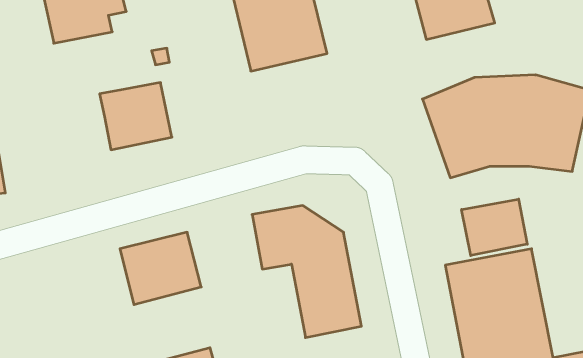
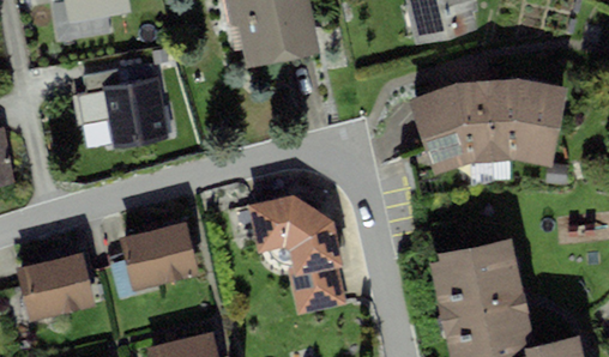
building: none -> [82,67,122,116]
building: [462,199,527,256] -> none
building: none -> [14,253,94,323]

